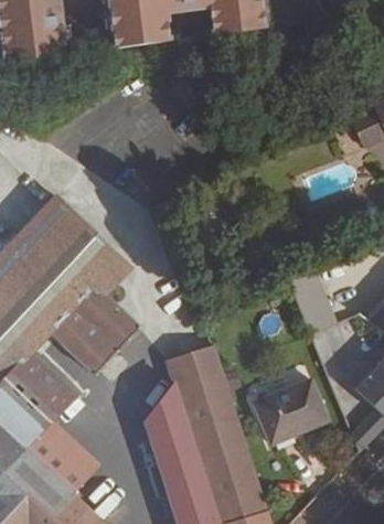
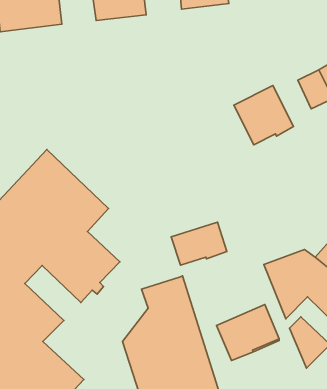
building: none -> [234,85,293,145]
building: none -> [171,222,227,265]

